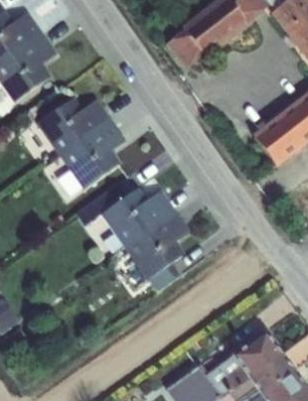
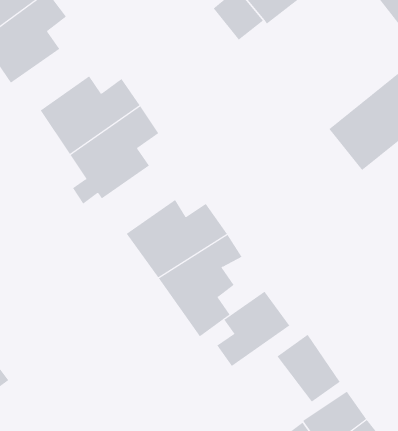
building: none -> [217,291,290,367]
building: none -> [277,334,340,403]

